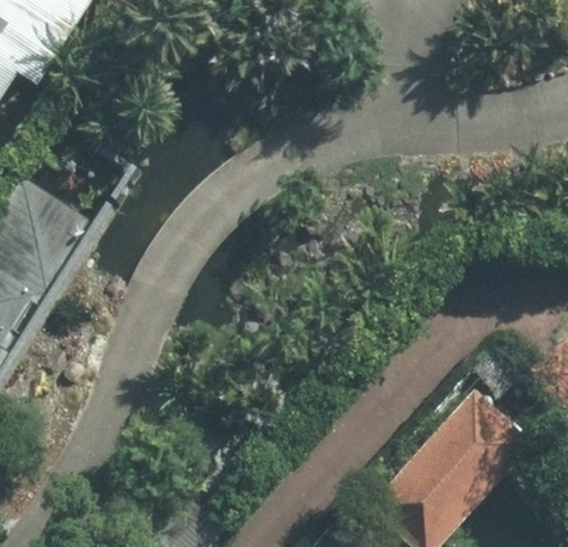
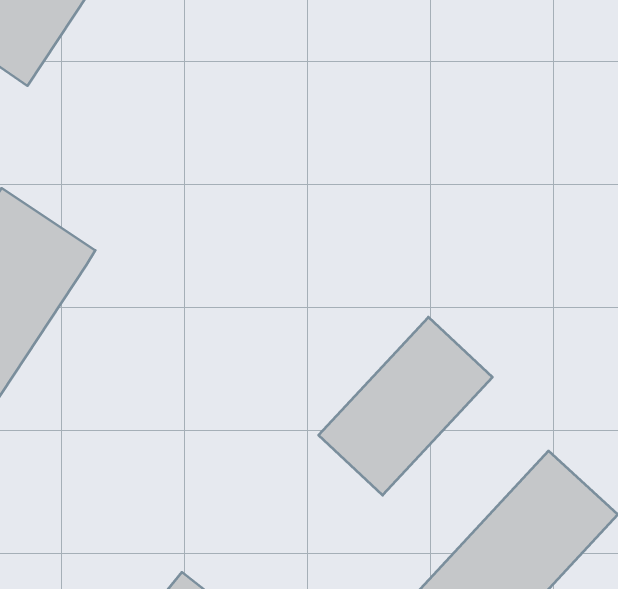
building: none -> [319,317,492,495]

